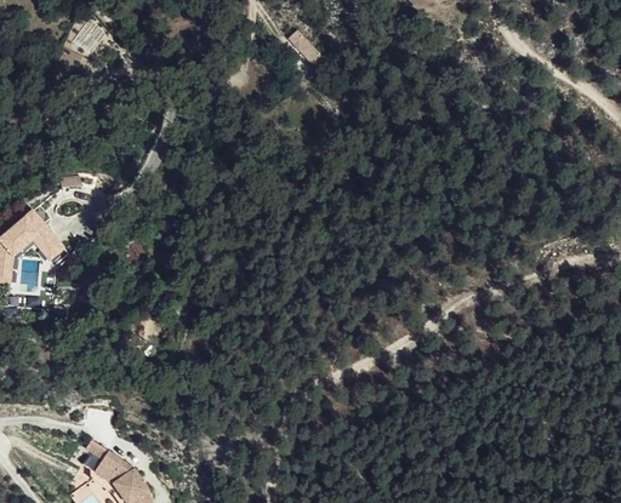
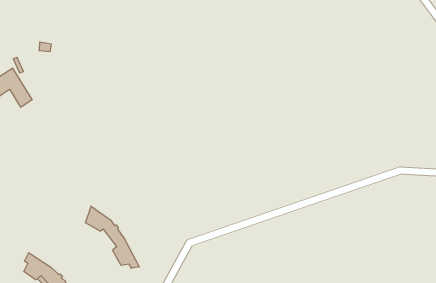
building: none -> [86,206,139,268]

